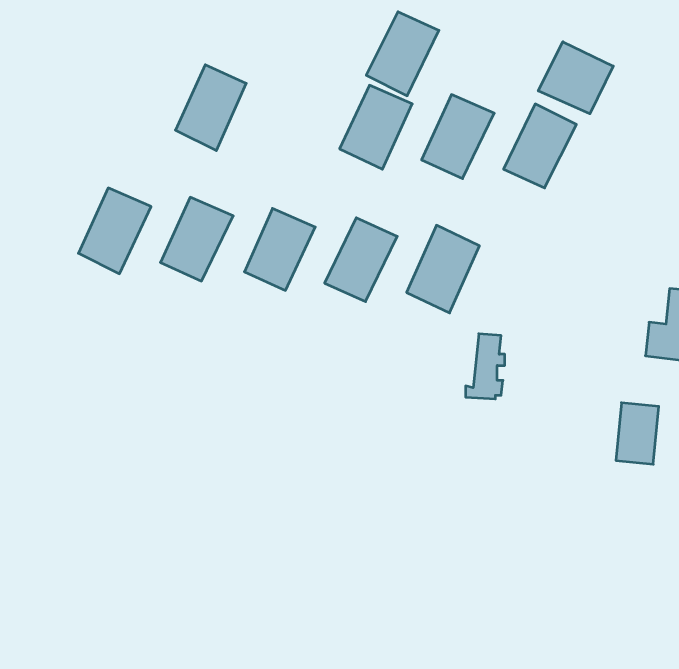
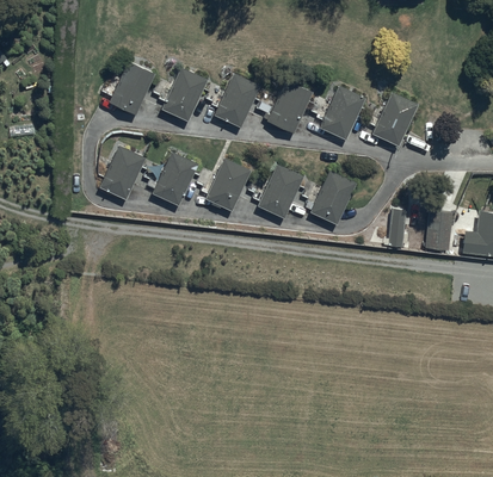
building: [366,12,439,96] -> [214,74,260,128]
building: [538,42,613,114] -> none
building: none -> [109,61,154,114]
building: [466,334,505,399] -> [383,205,408,247]
building: [616,403,659,464] -> [425,211,452,250]

